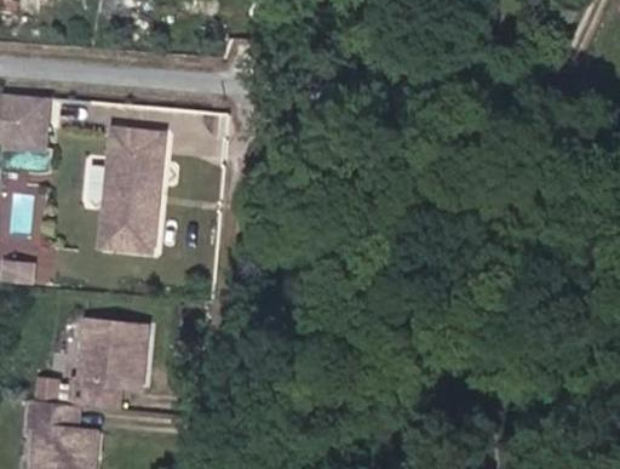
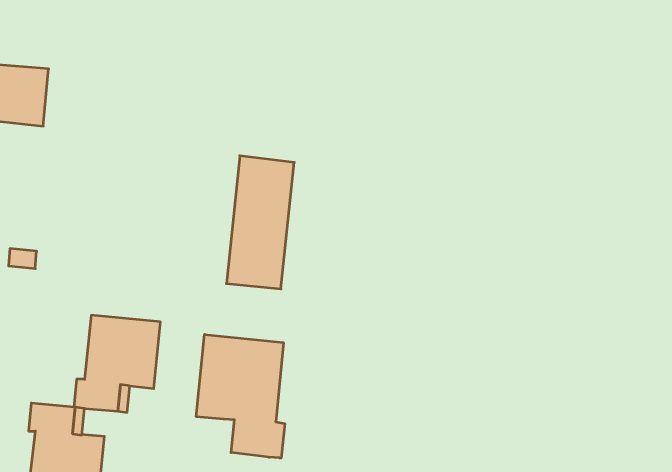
building: [102,130,163,251] -> [226,156,294,289]
building: none -> [196,334,285,458]

